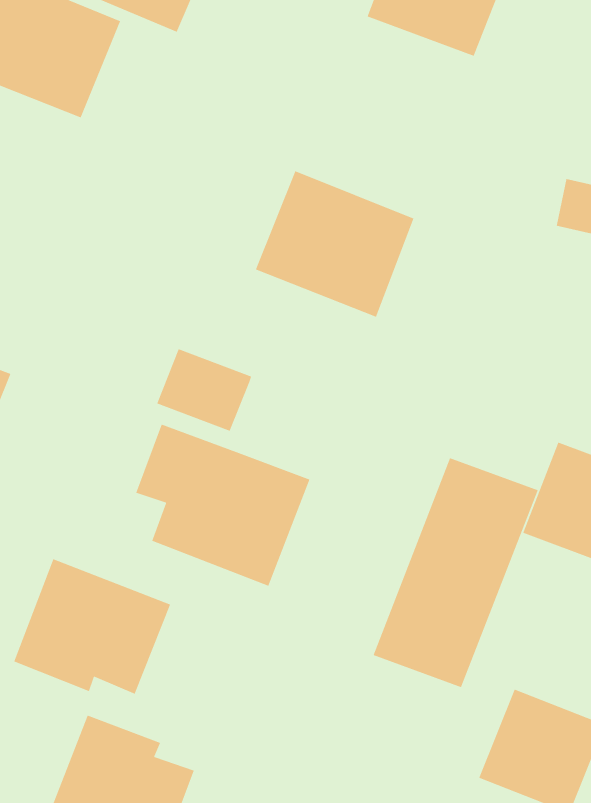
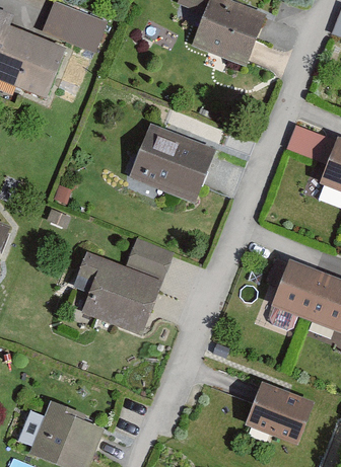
building: [156,348,252,432] -> [125,237,174,280]
building: [372,457,539,688] -> none
building: [13,558,171,695] -> none

